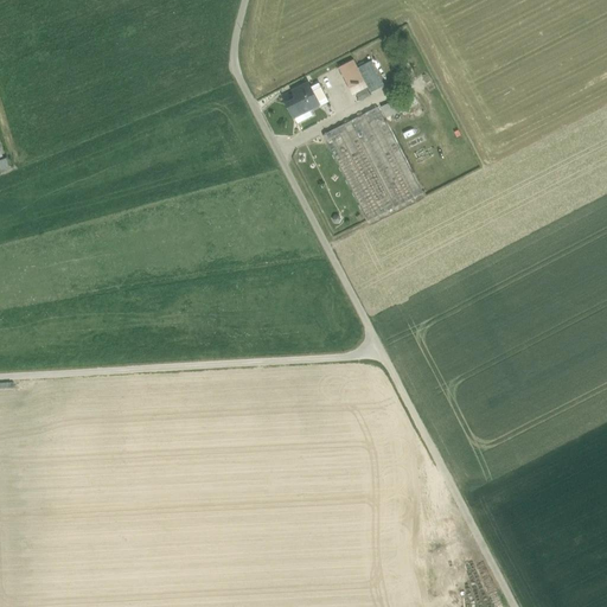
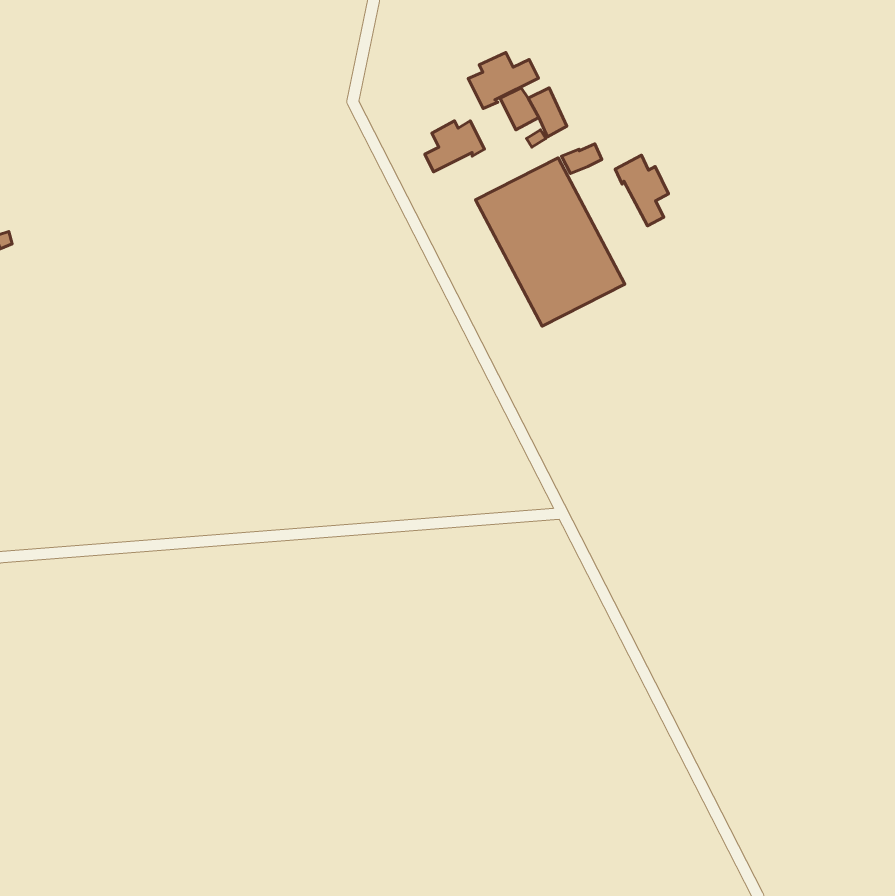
building: none -> [468,52,538,108]
building: none -> [615,155,669,226]

